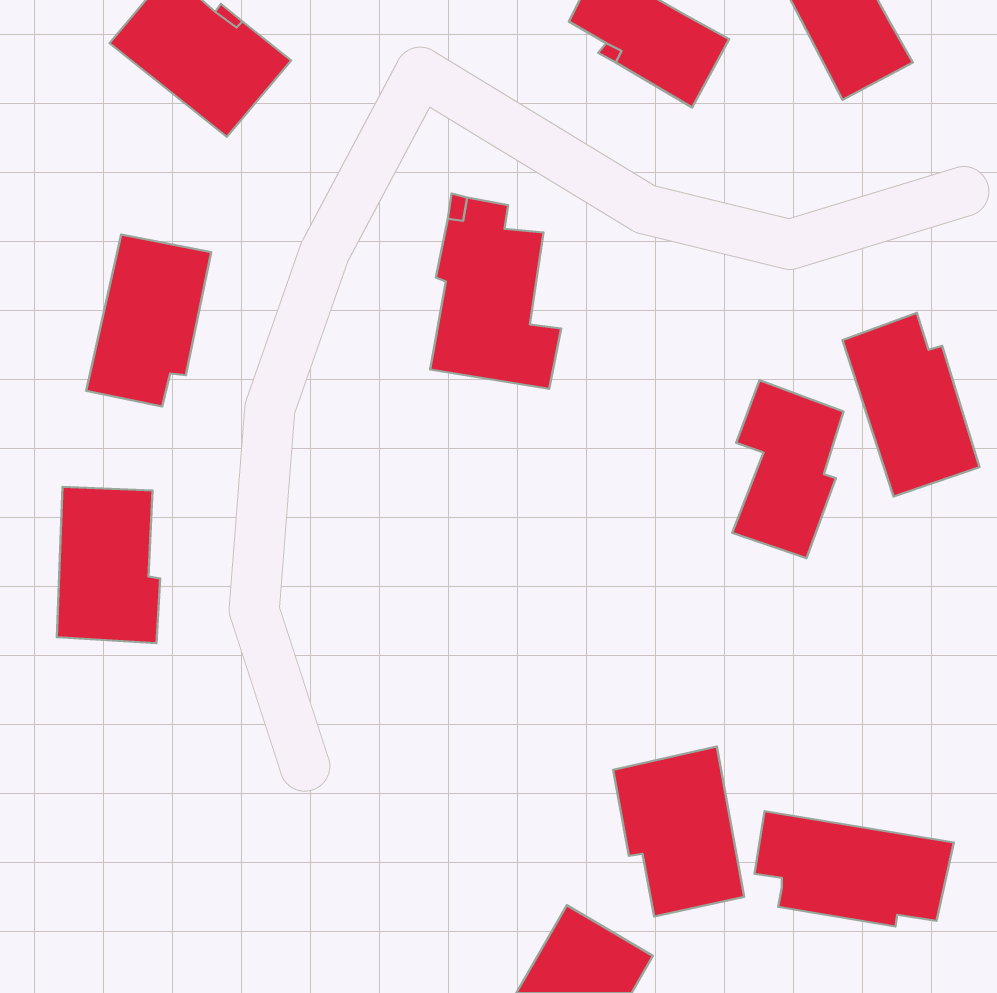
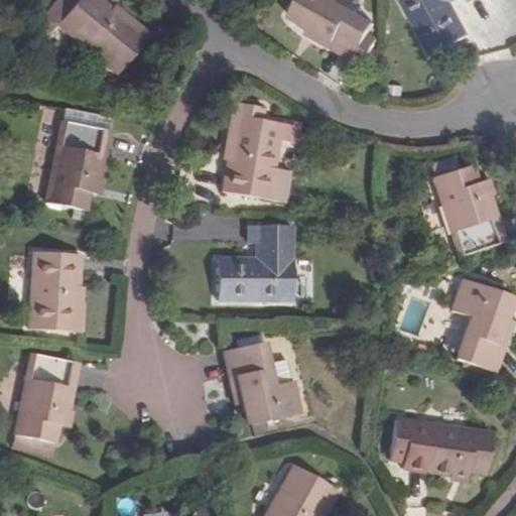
building: [732,380,844,558] -> [449,279,507,371]
building: none -> [219,227,296,302]
building: none -> [15,353,79,441]
building: [613,746,744,916] -> [233,336,300,423]

